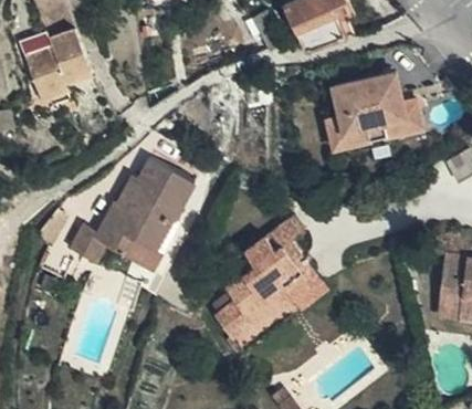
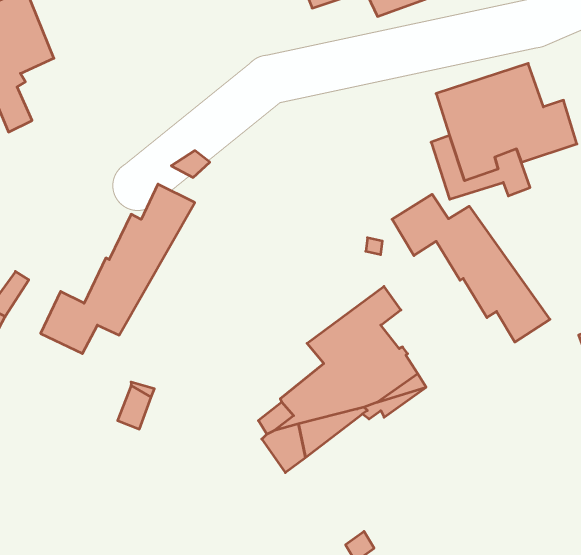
building: none -> [392,194,550,342]
building: [125,164,196,266] -> none

